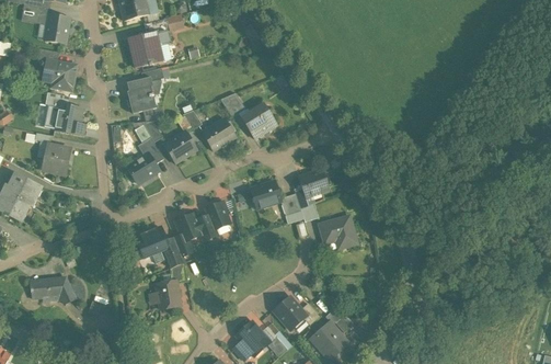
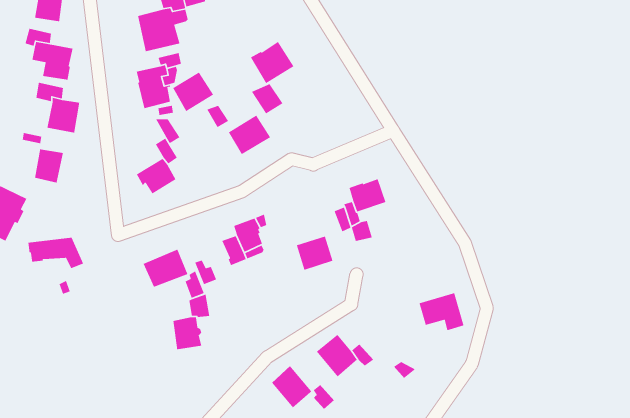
building: [240,103,276,138] -> [250,41,294,84]
building: [163,130,197,163] -> [172,72,214,112]
building: [250,180,280,208] -> [296,235,334,271]
building: [174,213,202,241] -> none
building: [319,215,356,247] -> [418,292,464,331]
building: [28,276,74,303] -> [27,237,84,269]
building: [309,320,348,357] -> none

